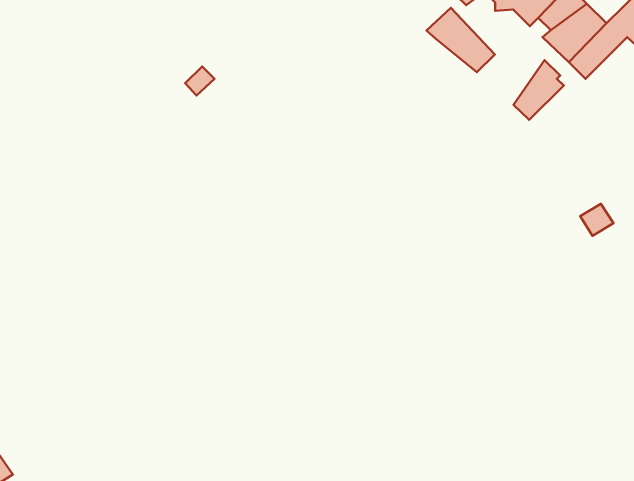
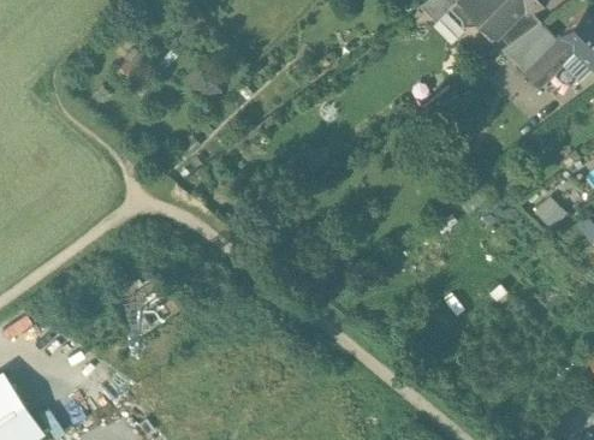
building: [426,8,495,72] -> none
building: [513,60,564,120] -> none

